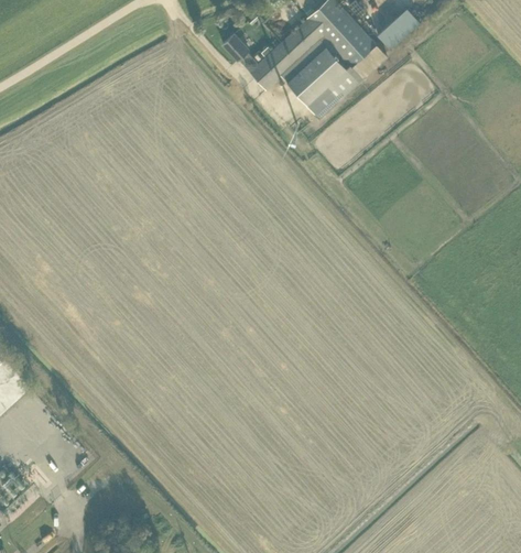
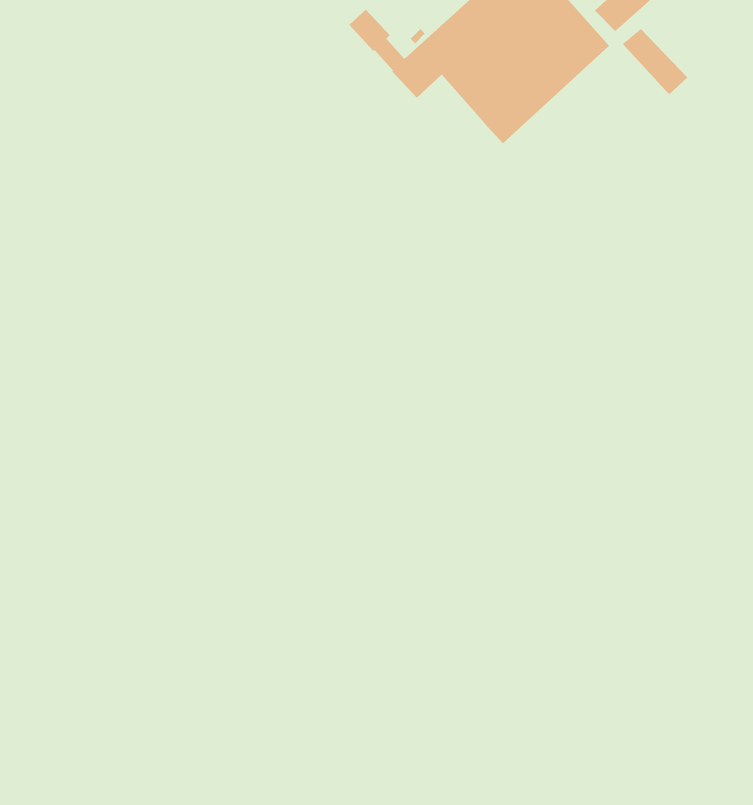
building: none -> [622,28,688,95]

